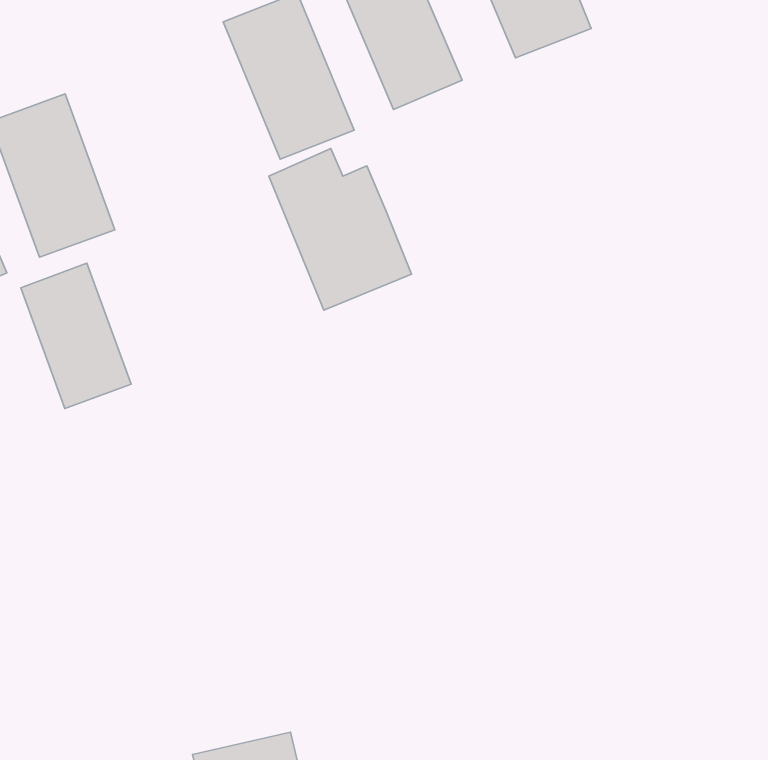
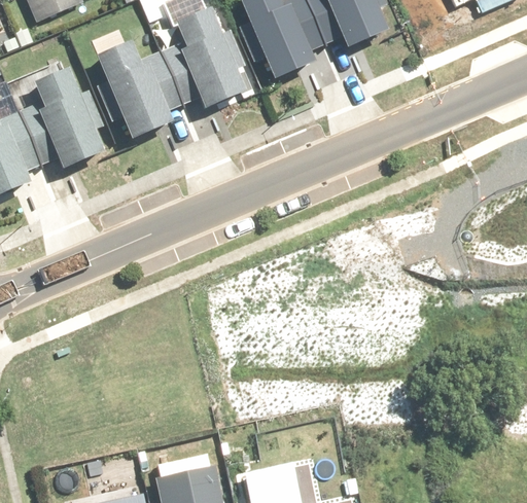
building: [269,149,412,310] -> [97,41,182,138]
building: [21,263,131,409] -> none

